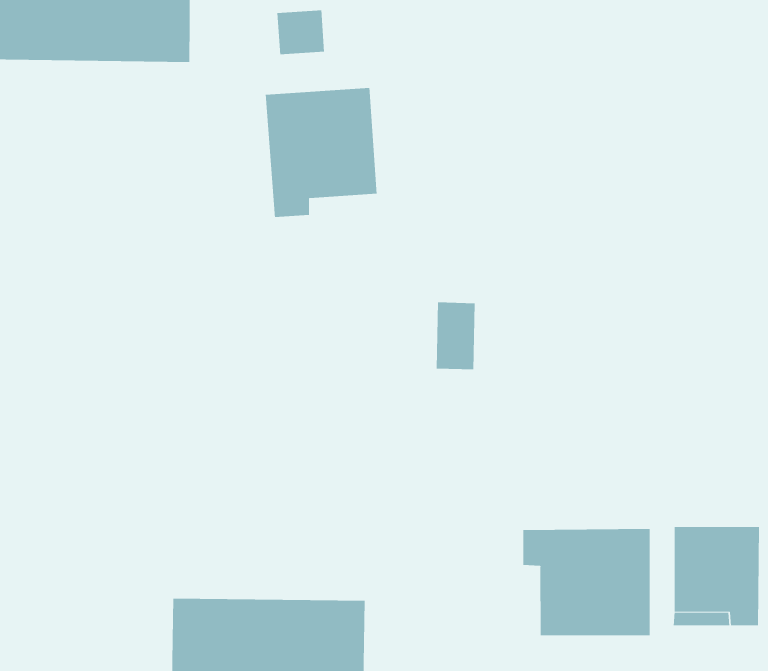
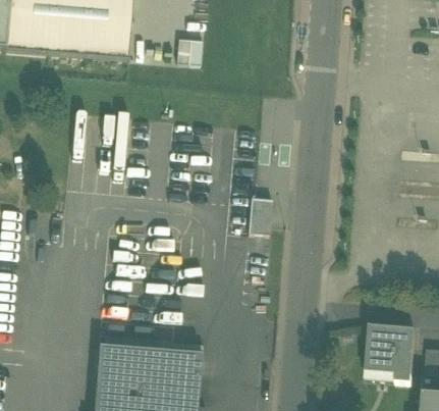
building: [265,87,377,218] -> none
building: [523,528,650,636] -> none

